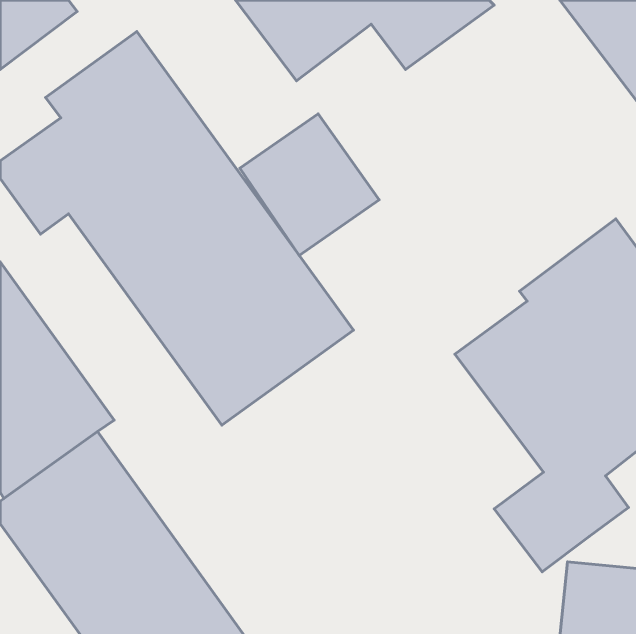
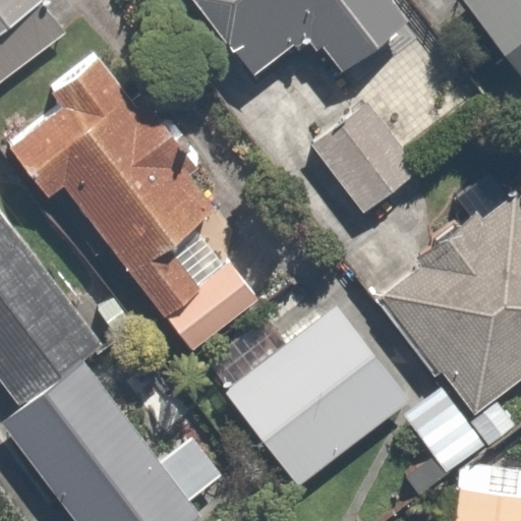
building: [240,114,379,256] -> [307,105,419,219]
building: none -> [222,300,415,487]

